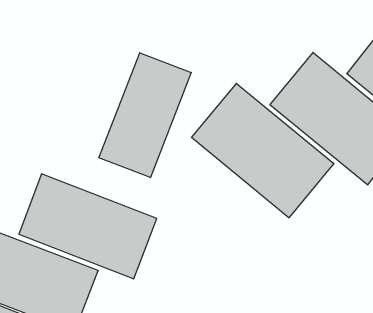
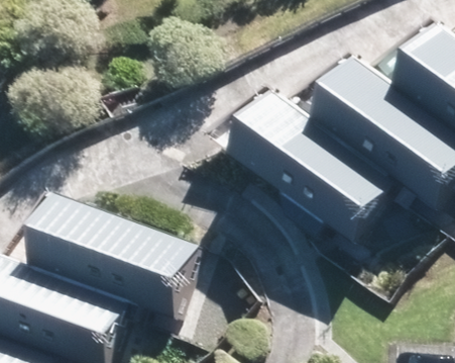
building: [99,53,191,178] -> none

